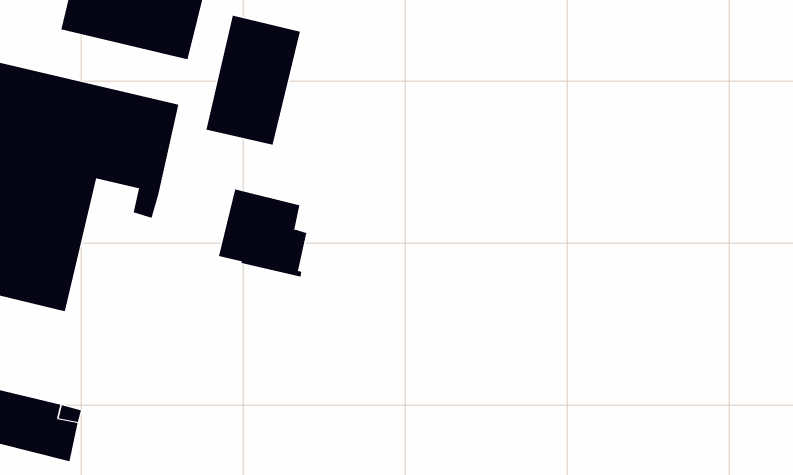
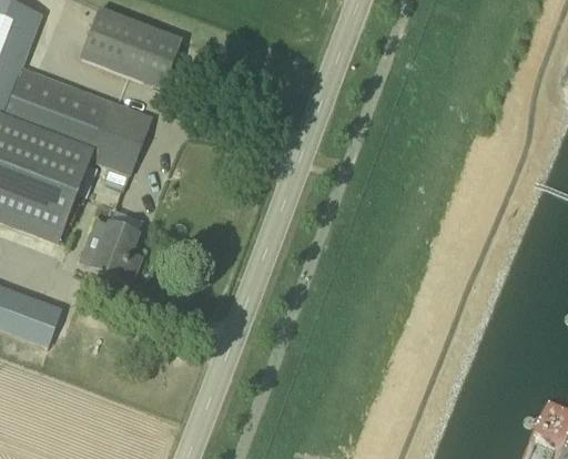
building: [206,15,301,146] -> none
building: [218,189,307,277] -> [78,217,139,282]

